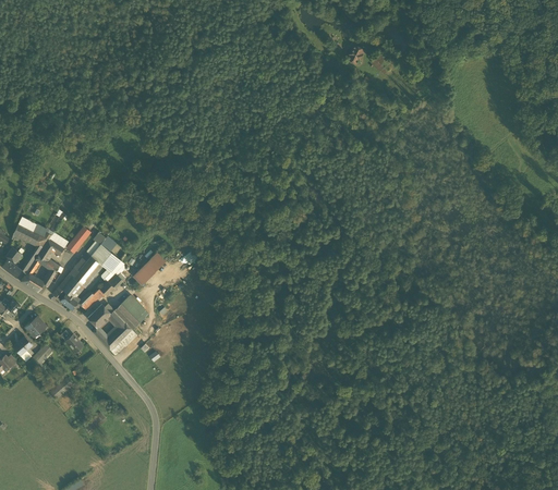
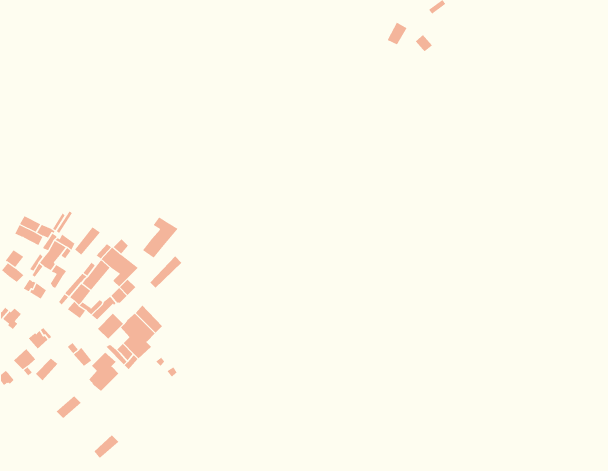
building: none -> [142,217,178,259]
building: none -> [88,352,119,392]

